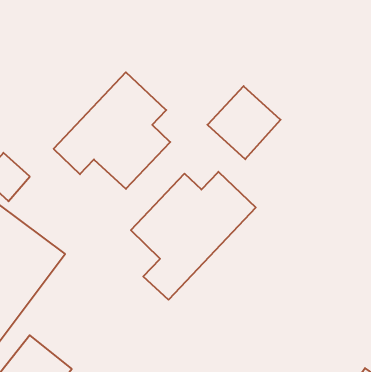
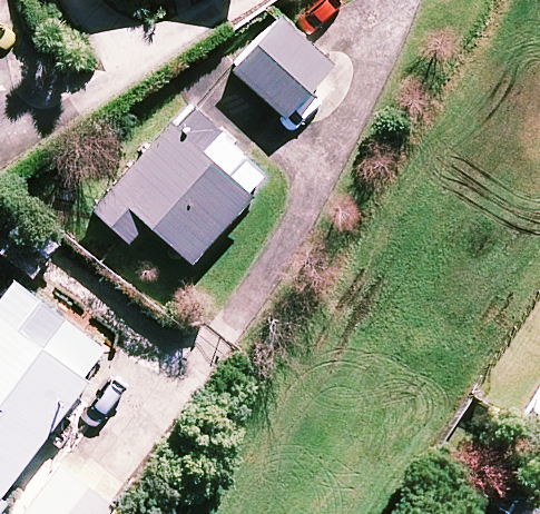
building: [207,86,281,159] -> [234,21,333,120]
building: [131,172,256,300] -> none

